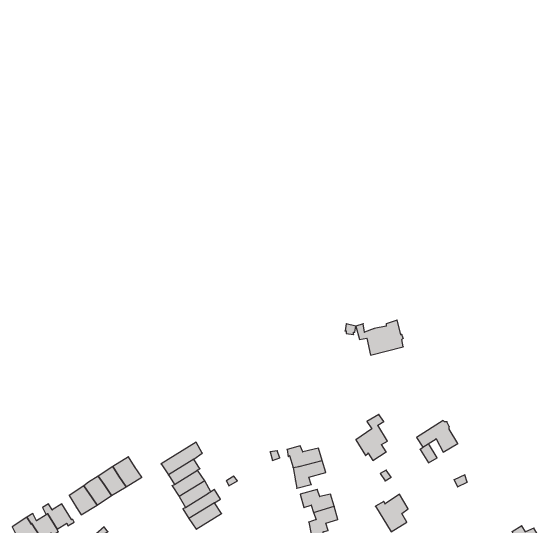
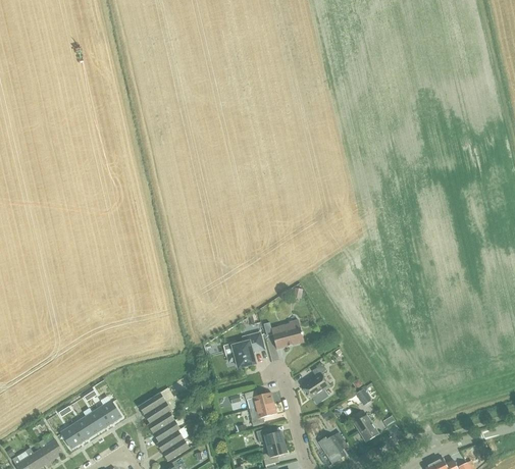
building: [356,320,403,355] -> [263,319,303,349]
building: none -> [223,333,263,368]
building: [417,421,458,452] -> [343,415,377,441]

